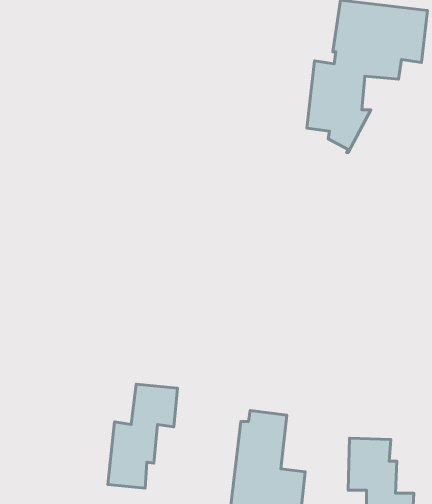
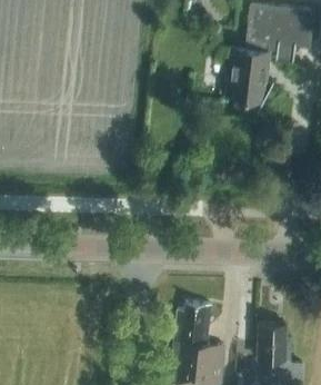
building: [108,384,178,488] -> none

